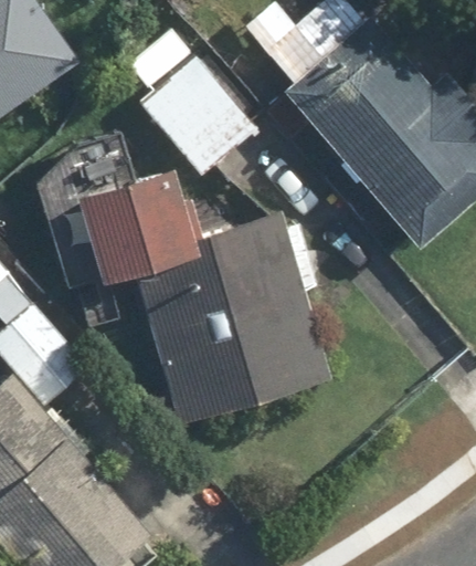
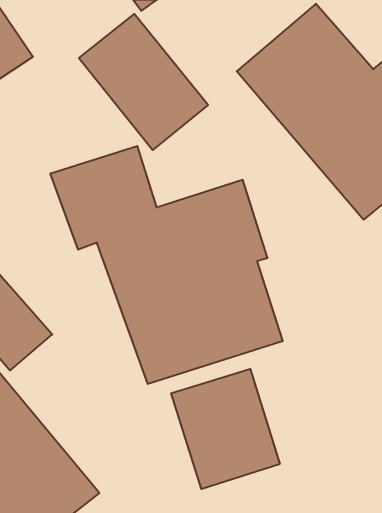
building: none -> [171,369,280,489]

